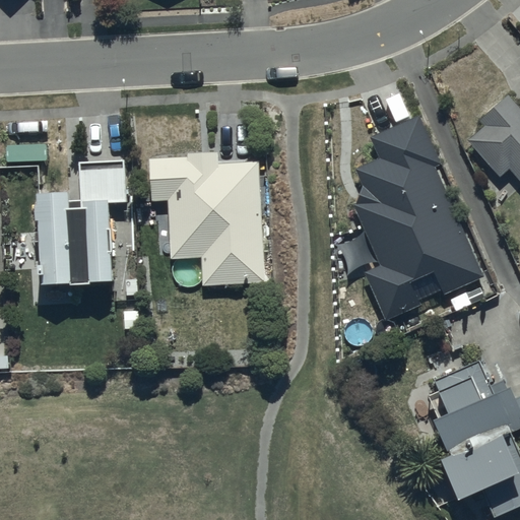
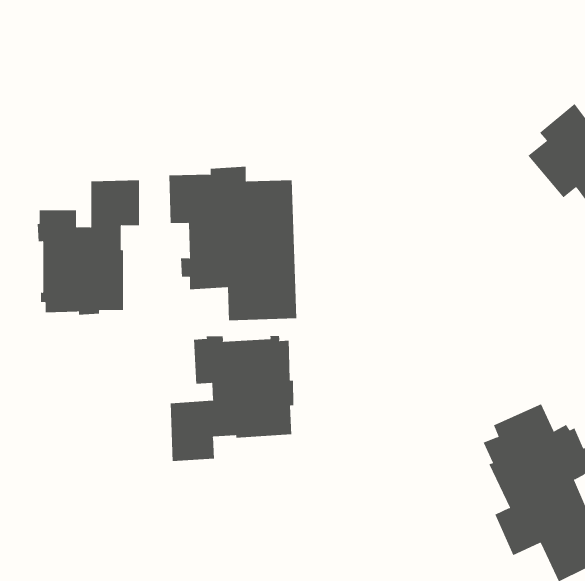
building: [353,117,483,322] -> none
building: none -> [170,335,294,462]

